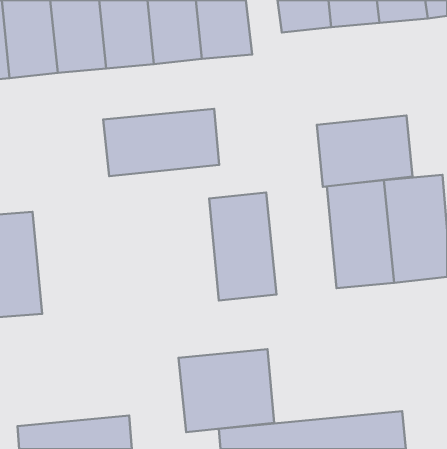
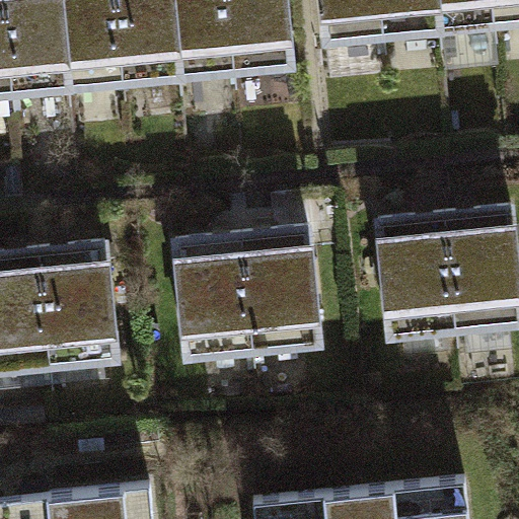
building: [103,109,219,176] -> none
building: [317,115,413,187] -> none
building: none -> [174,229,252,353]
building: none -> [38,237,116,362]
building: [178,349,274,432] -> none

